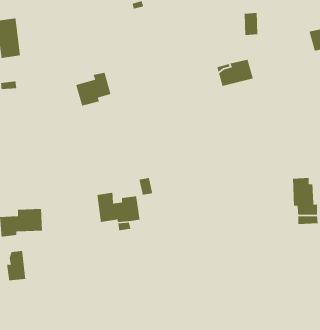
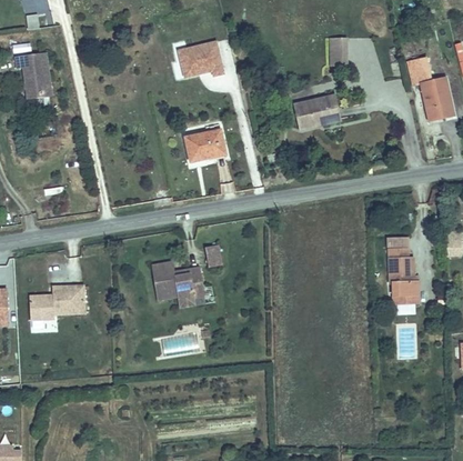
building: none -> [174,38,221,79]
building: [75,72,112,106] -> [179,128,223,170]
building: [6,250,26,281] -> none

